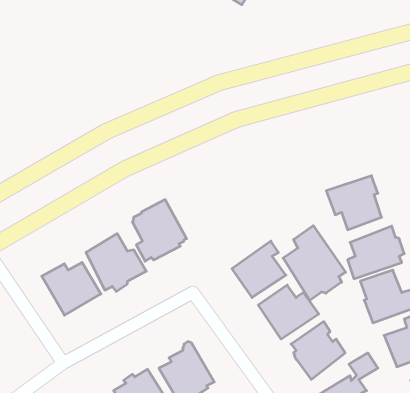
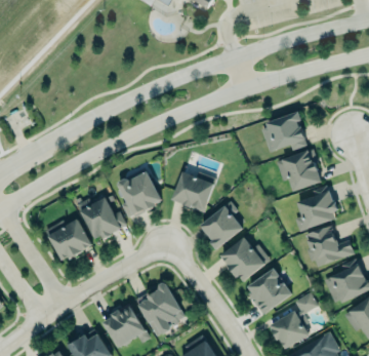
building: none -> [259,112,305,151]
building: none -> [172,171,216,211]
building: [283,226,346,300] -> none

